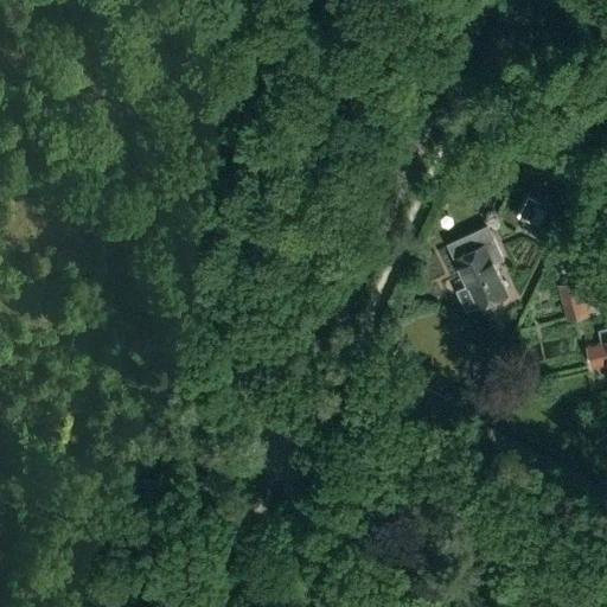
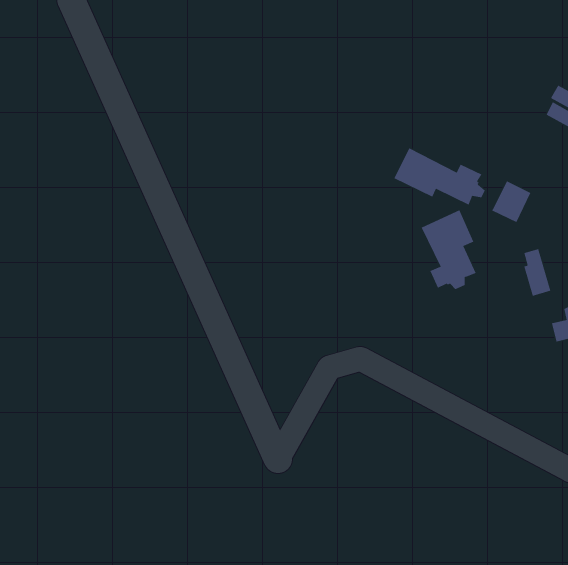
building: none -> [393,148,485,206]

